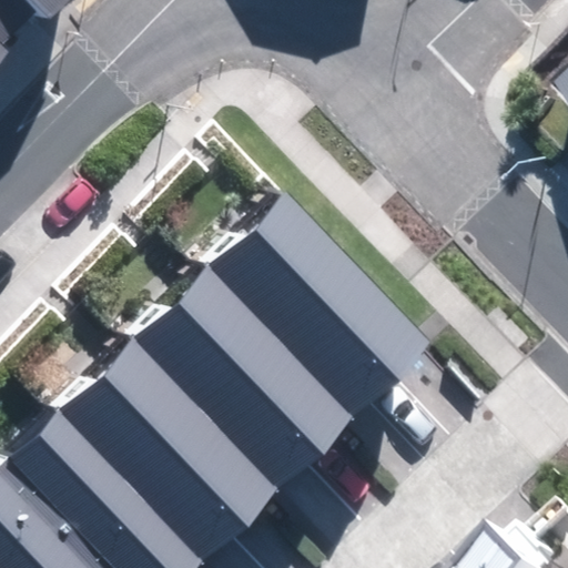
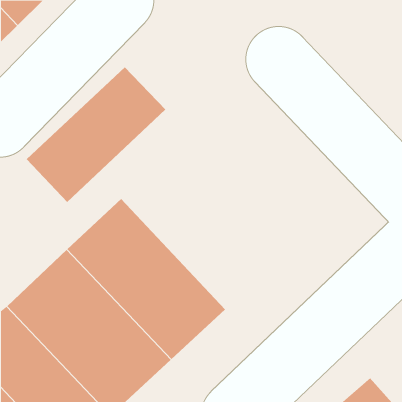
building: none -> [26,66,166,203]
building: [183,215,405,440] -> none

